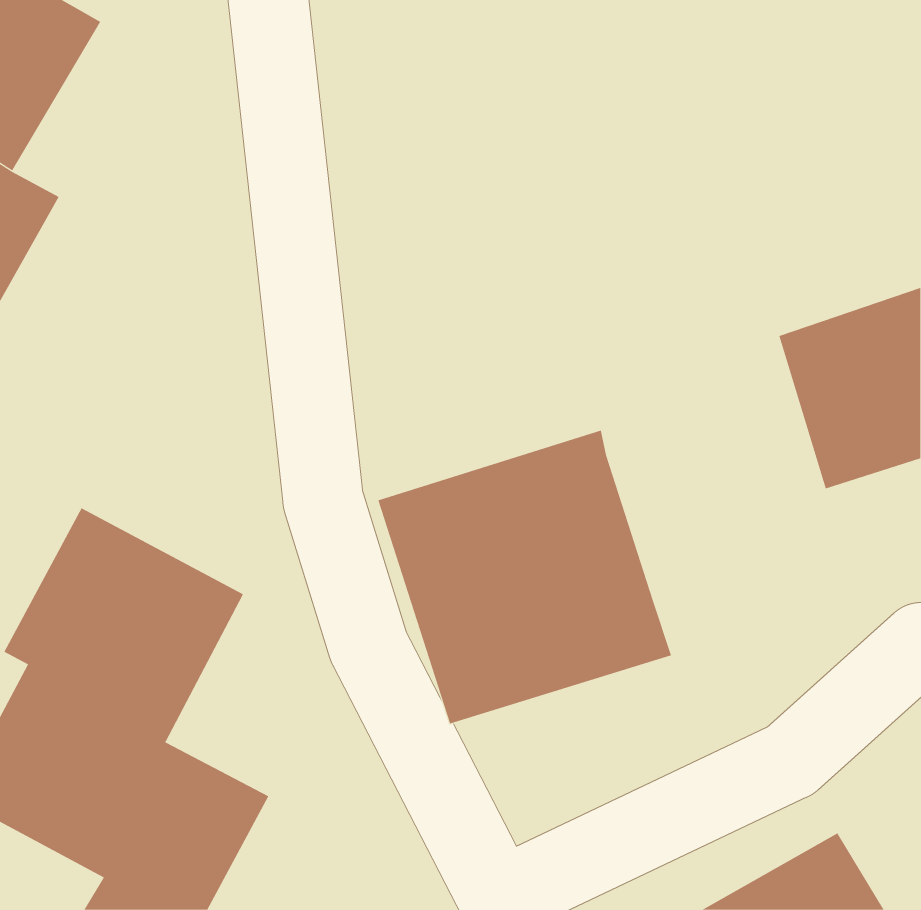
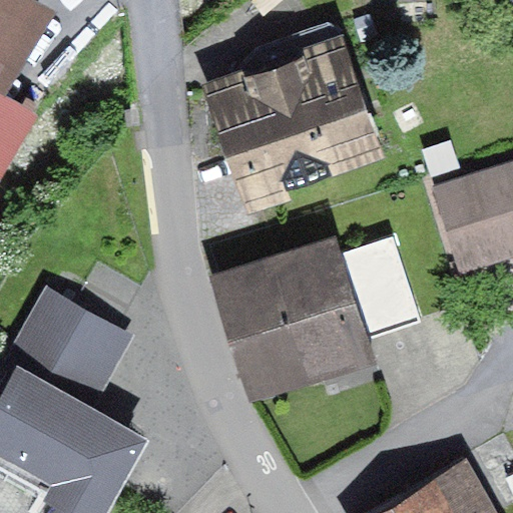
building: none -> [202,42,383,215]
building: none -> [337,235,418,334]

